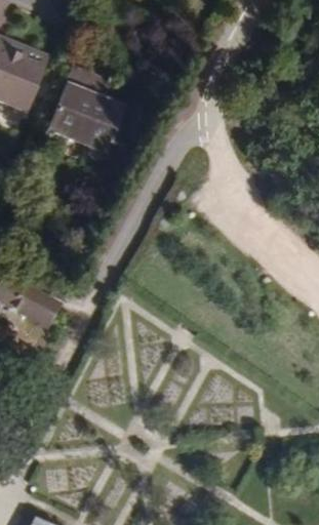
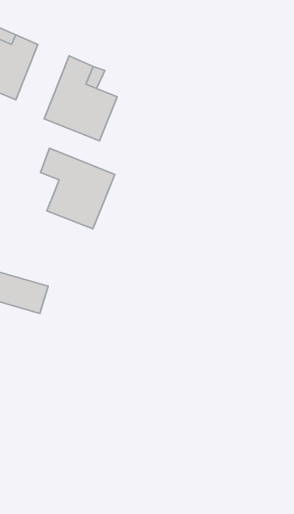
building: none -> [41,148,115,229]

